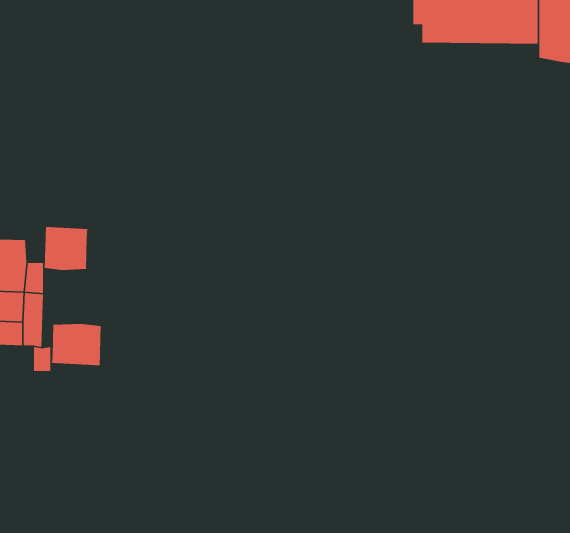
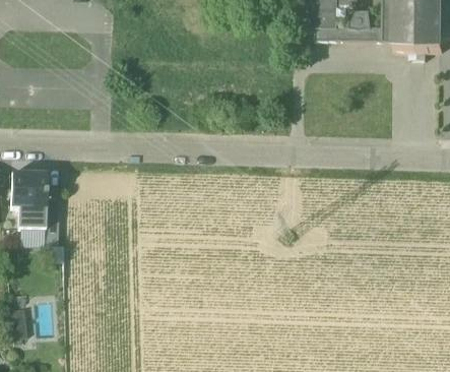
building: [44,226,88,271] -> none
building: [51,323,102,366] -> none

